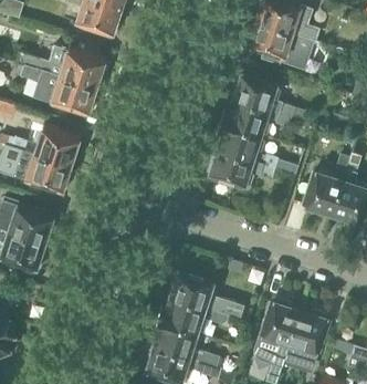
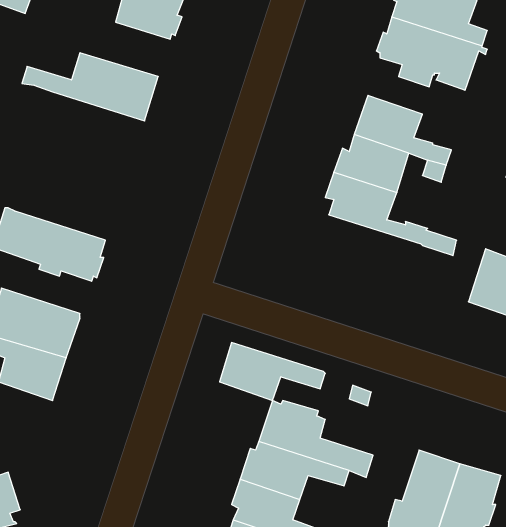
building: [21,65,96,115] -> none
building: [8,124,81,166] -> none
building: [208,149,276,187] -> [220,343,325,401]

